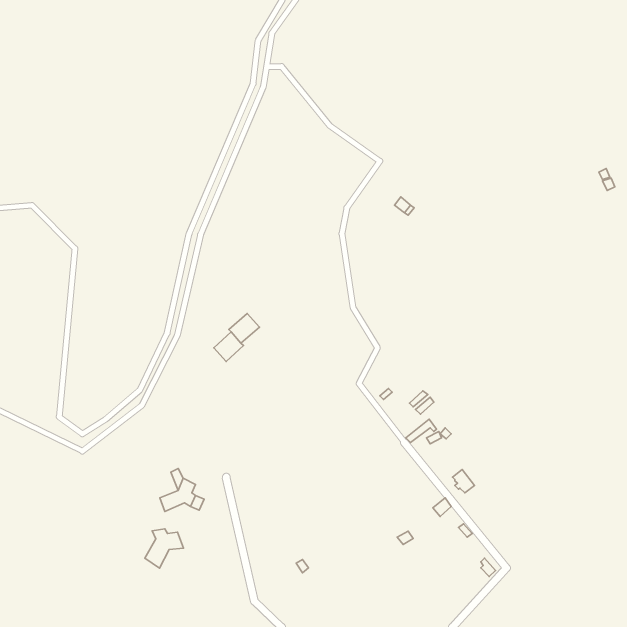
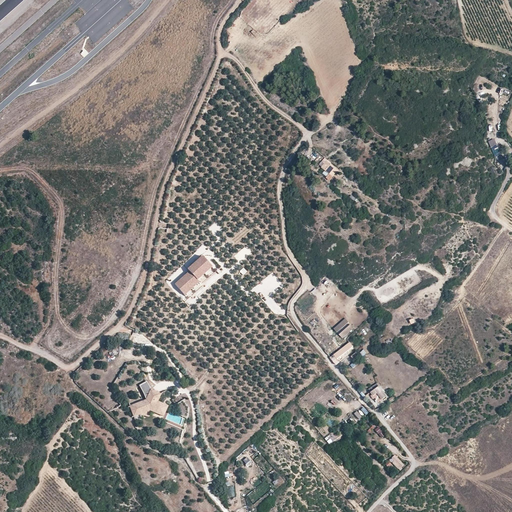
building: [145,529,183,568] -> none

